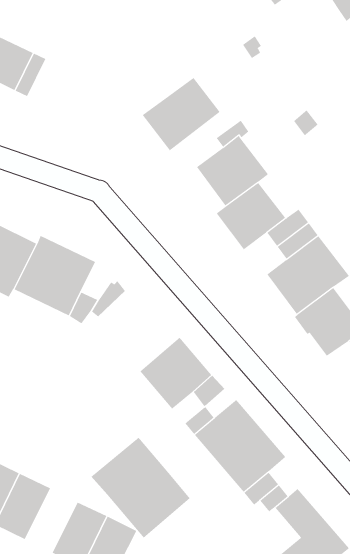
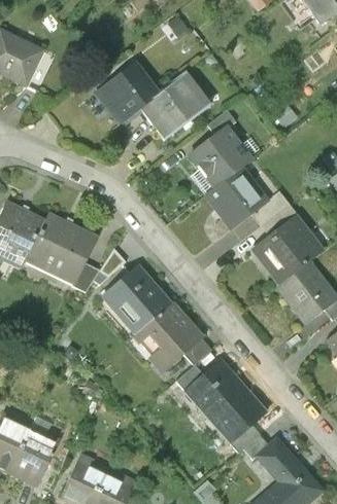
building: none -> [96,62,158,121]
building: none -> [103,266,172,335]
building: [90,437,191,538] -> none

